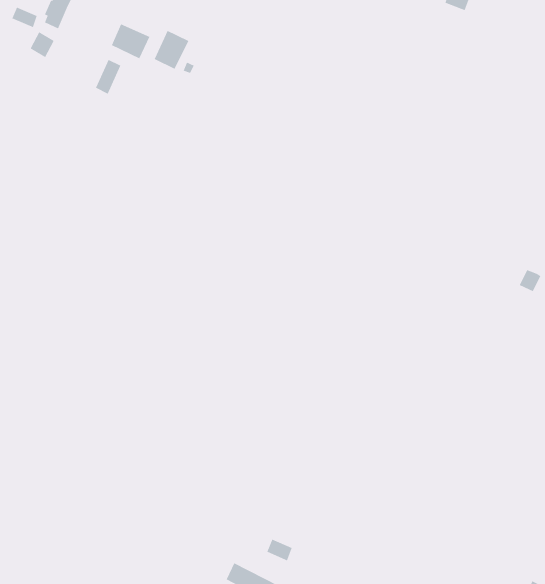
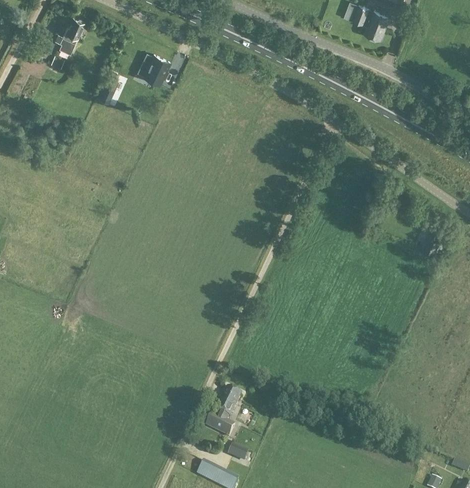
building: [111,24,150,59] -> none
building: none -> [205,386,240,436]

